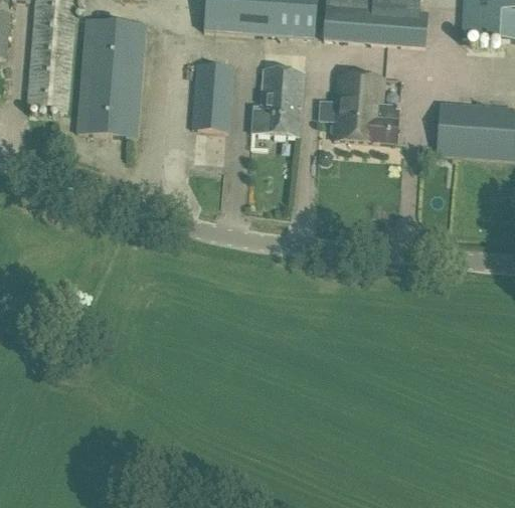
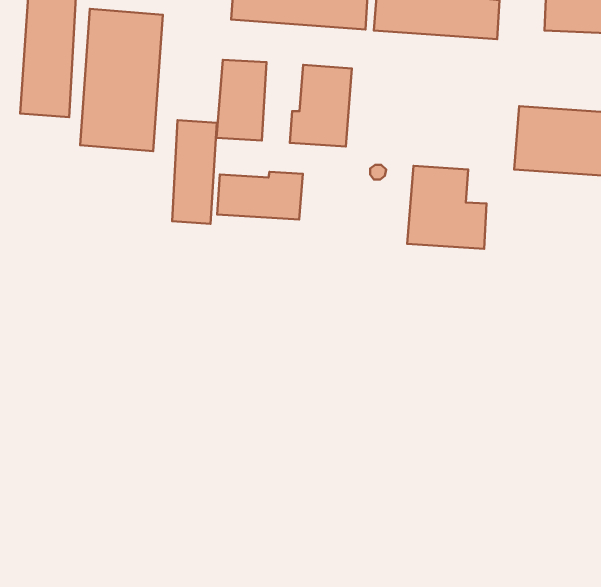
building: [333,73,398,142] -> [407,166,487,249]
building: none -> [172,120,217,224]
building: none -> [217,172,303,219]

